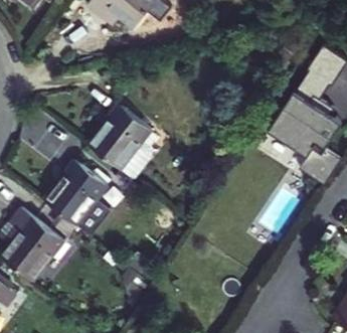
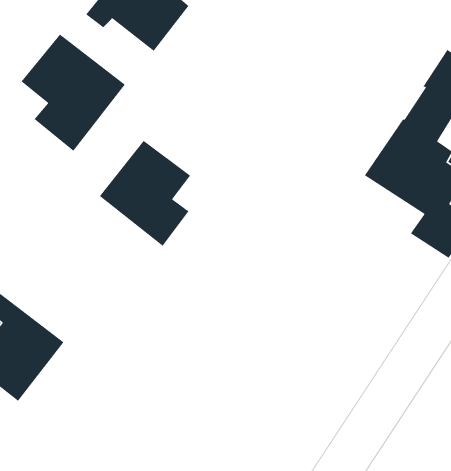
building: none -> [20,33,126,152]
building: [43,161,107,226] -> none

